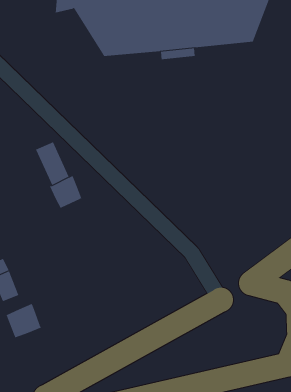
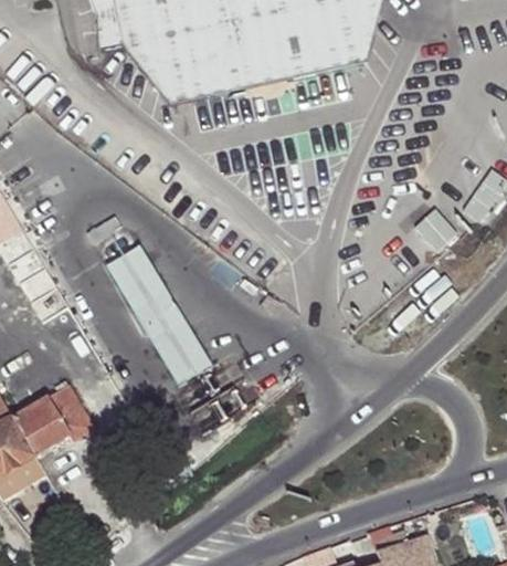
building: none -> [138,294,205,381]
building: [6,303,42,338] -> none

